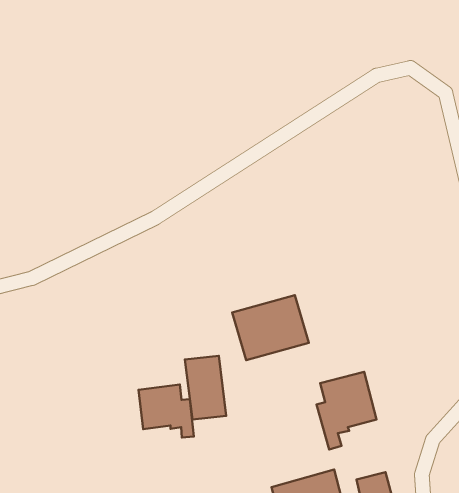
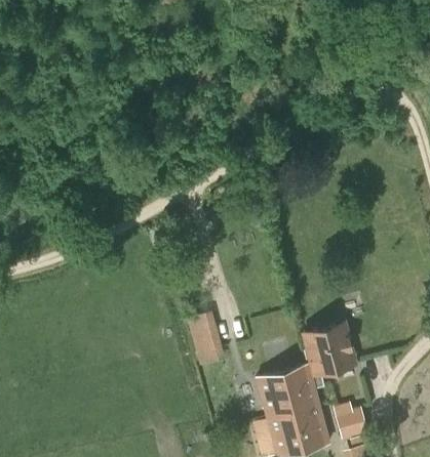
building: [232,295,309,360] -> [255,366,317,419]
building: [138,385,194,438] -> none

